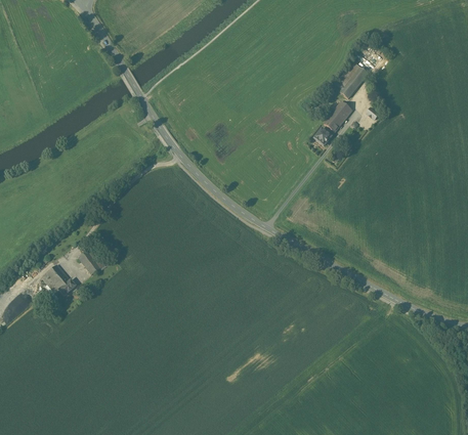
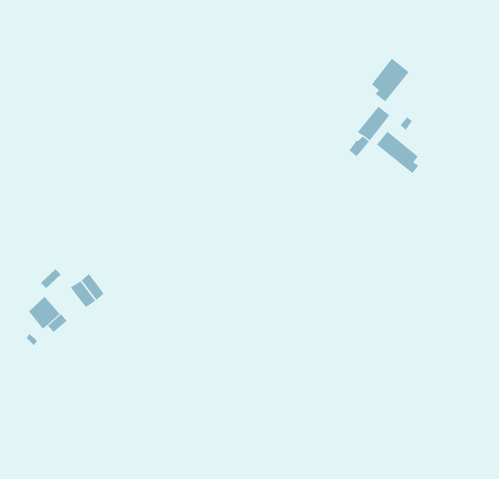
building: none -> [376,131,419,174]

